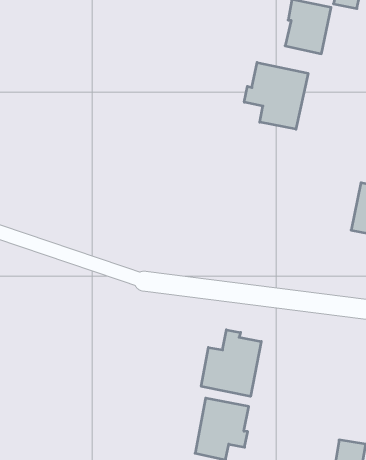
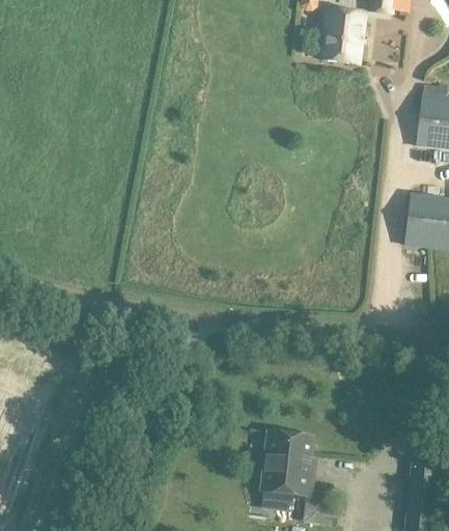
building: [244,62,308,129] -> none
building: [201,330,261,396] -> none

